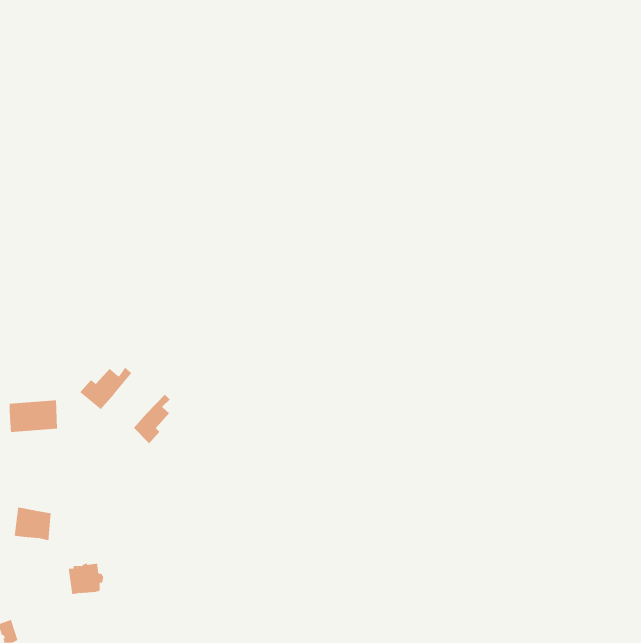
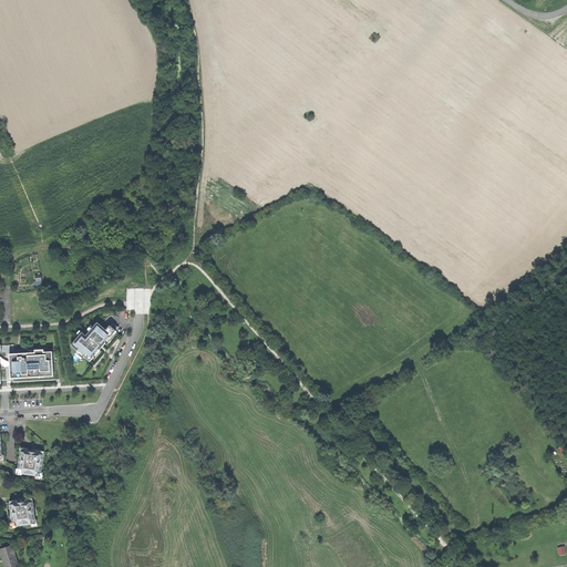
building: [133,394,171,444] -> none
building: [68,563,104,595] -> [4,497,37,525]

